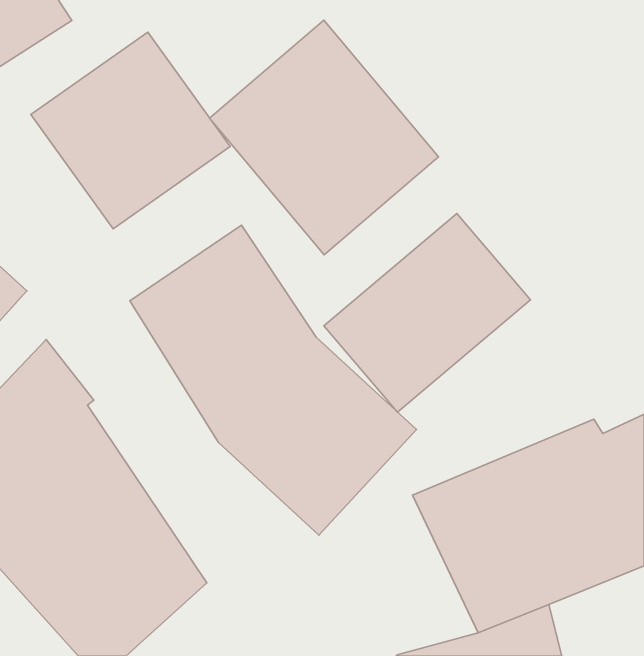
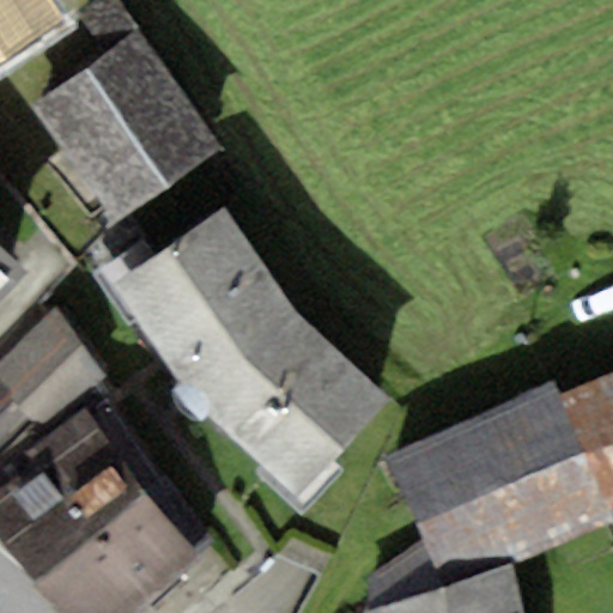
building: [210,20,439,255] -> none
building: [324,214,531,412] -> none

